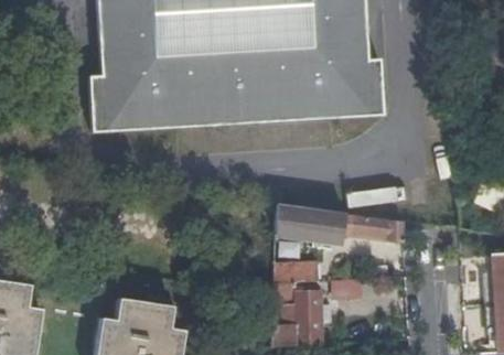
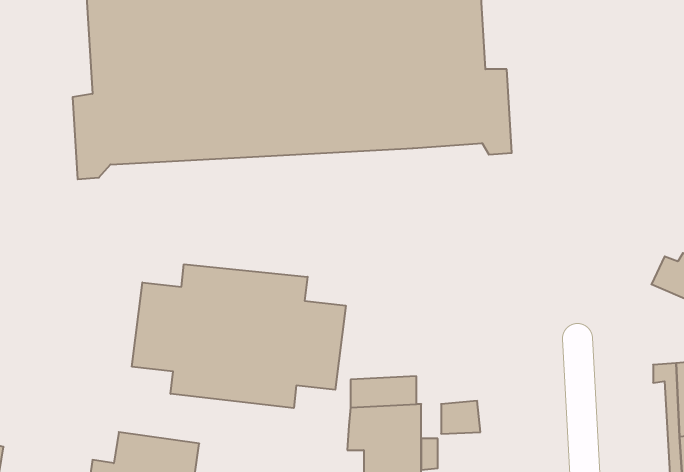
building: none -> [132,264,346,408]
building: [276,205,406,244] -> none

